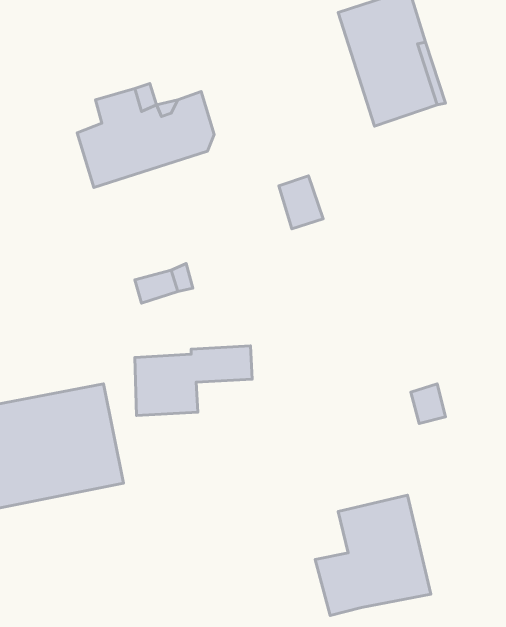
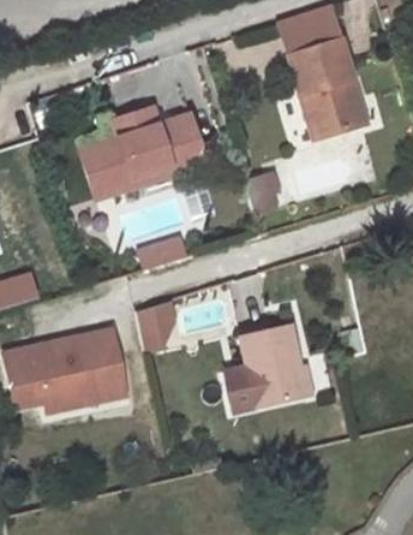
building: none -> [82,143,193,197]
building: [315,495,431,616] -> [222,325,306,412]

